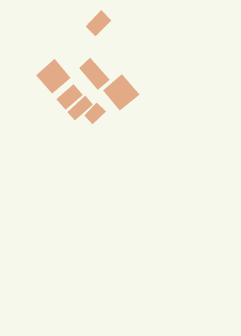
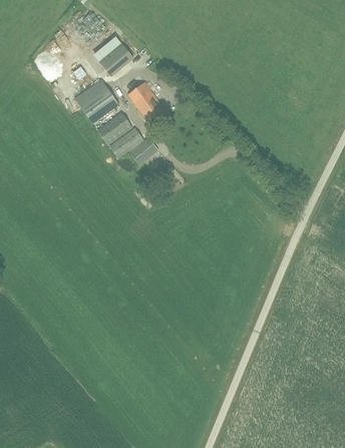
building: [85,9,112,37] -> [99,41,133,74]
building: [102,73,140,111] -> none

